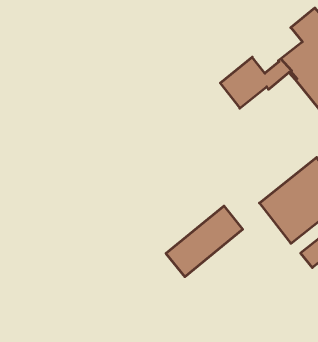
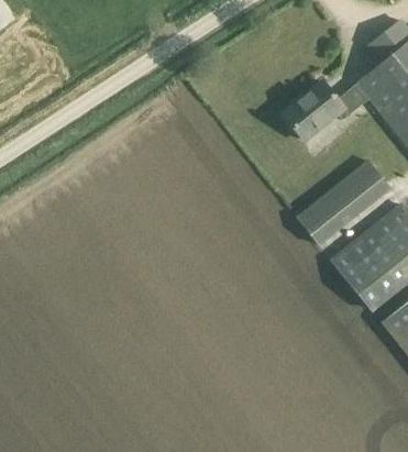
building: [166,206,243,277] -> [296,159,390,246]

